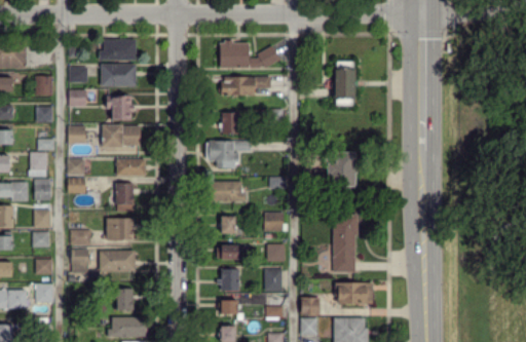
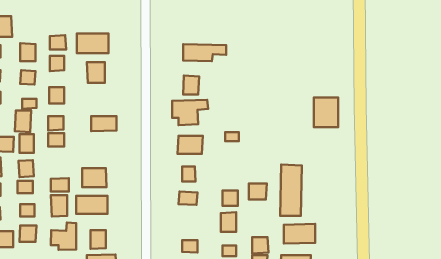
building: [99,39,136,61] -> none
building: [219,41,279,68] -> none
building: [334,69,353,99] -> none
building: [101,124,141,146] -> none
building: [328,152,355,186] -> [314,97,338,127]
building: [115,183,134,212] -> none
building: [263,213,284,231] -> [249,183,267,200]
building: [221,268,239,291] -> none
building: none -> [51,223,76,250]

